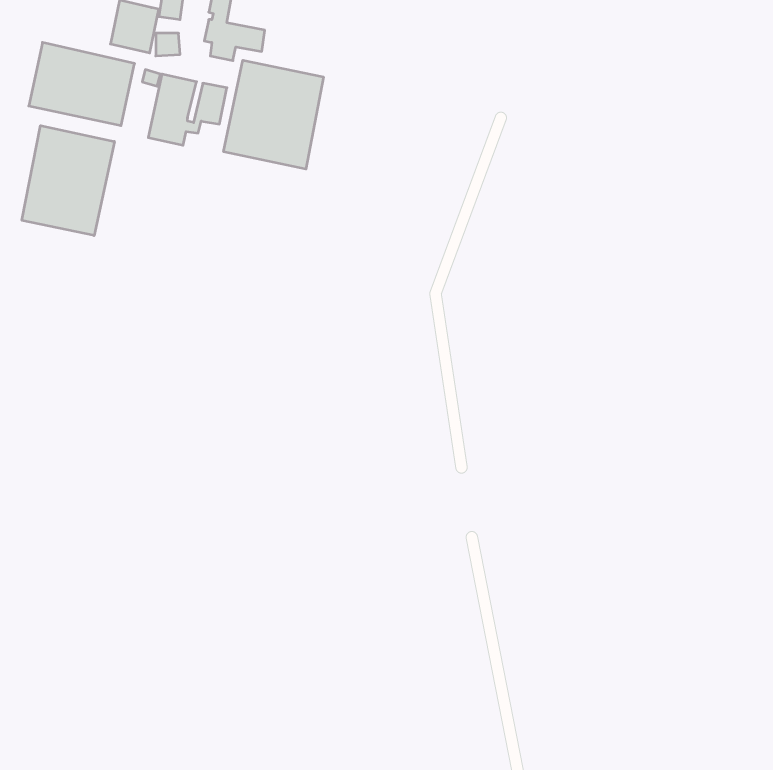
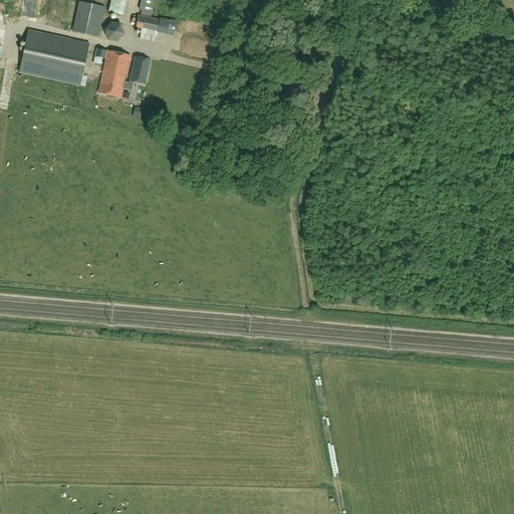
building: [224,60,323,169] -> none
building: [22,126,114,236] -> none

